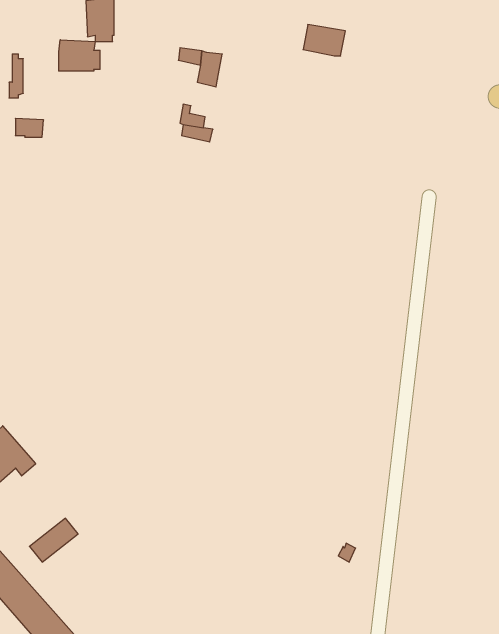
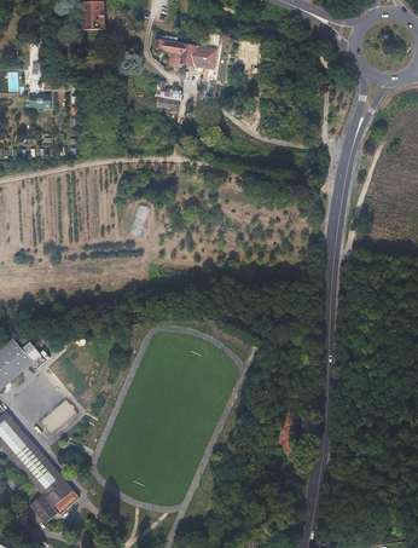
building: [303,25,345,56] -> [185,44,217,68]
building: [59,40,100,71] -> none

